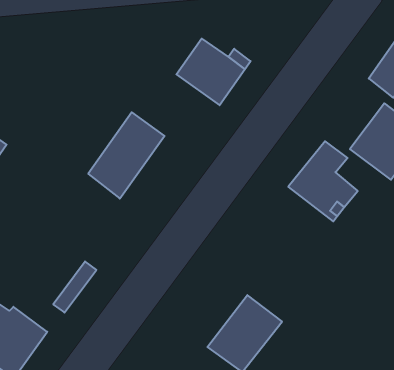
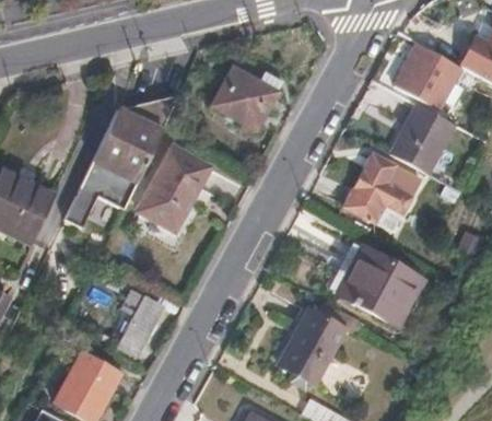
building: none -> [63,97,173,231]
building: none -> [340,250,422,328]

